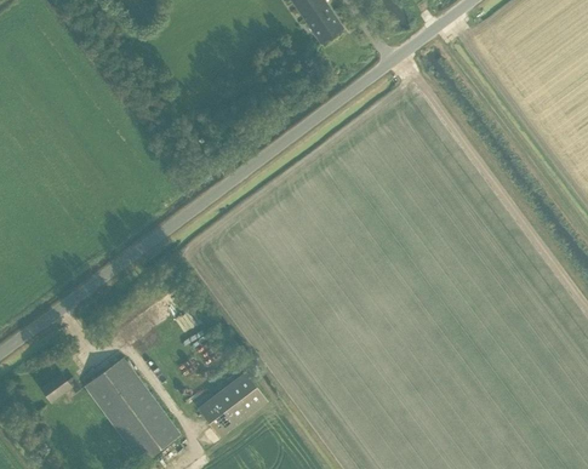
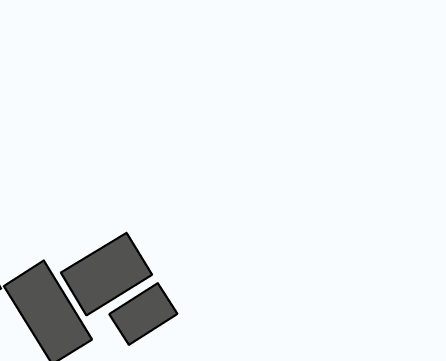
building: none -> [61,233,152,315]

